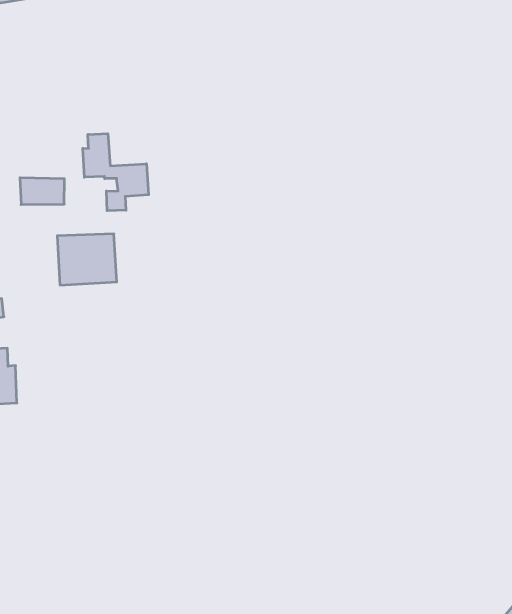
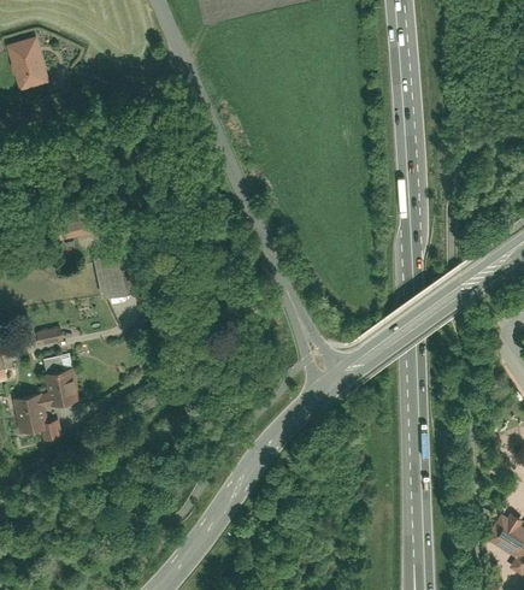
building: [83,134,149,211] -> none

